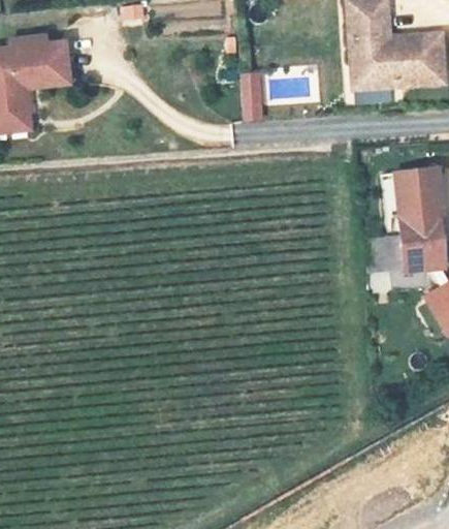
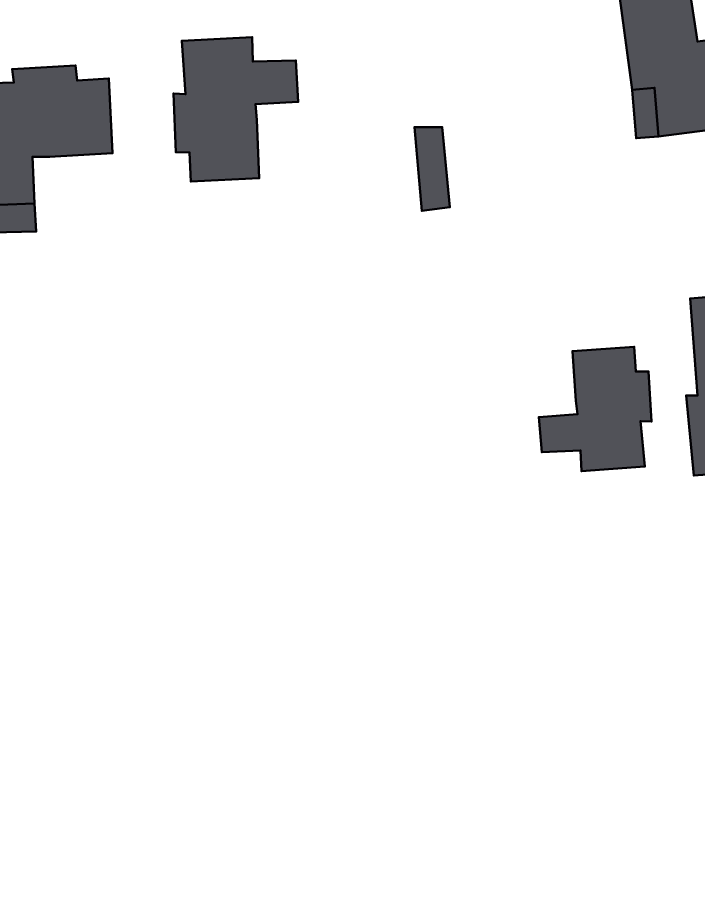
building: none -> [173,37,298,182]
building: none -> [539,347,652,471]

